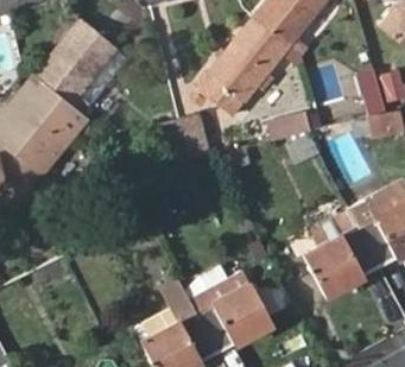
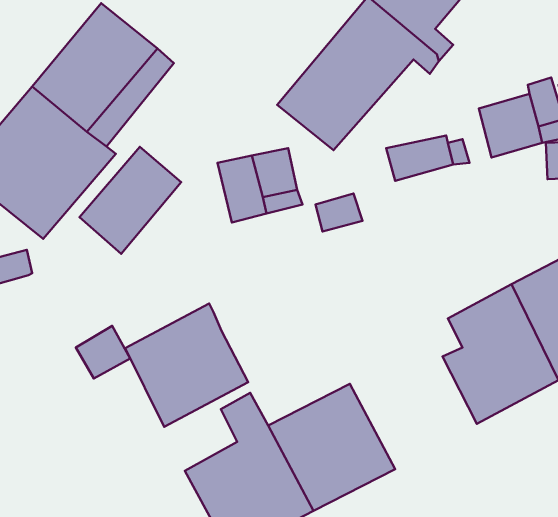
building: none -> [79,147,181,254]
building: none -> [125,304,248,427]

